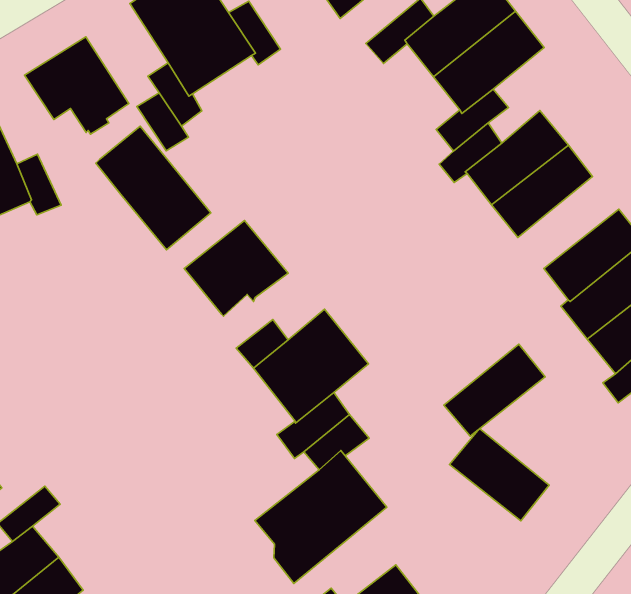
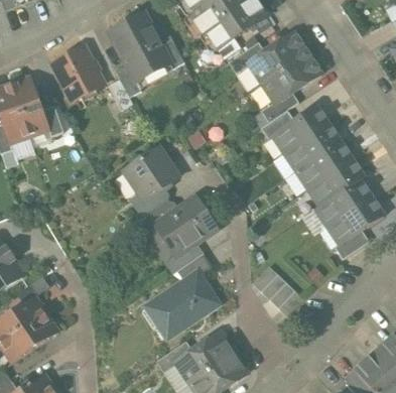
building: [96,126,211,250] -> none
building: none -> [132,186,168,218]
building: [444,344,545,436] -> [298,141,352,186]

